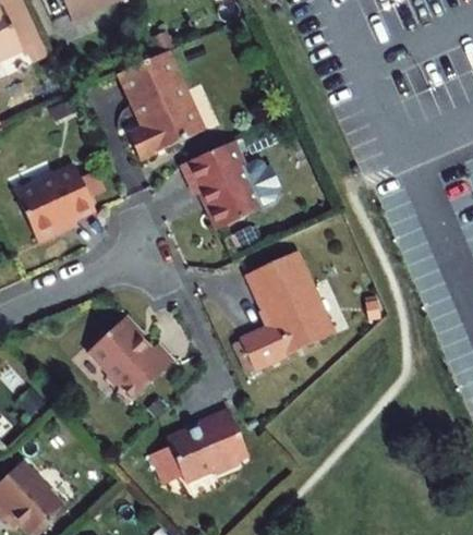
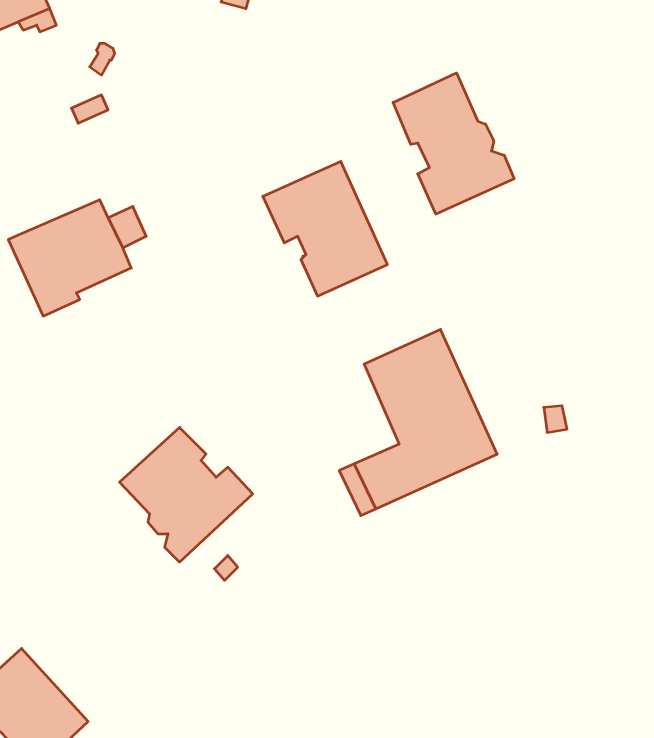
building: [118,50,204,159] -> none
building: none -> [393,73,514,214]
building: [151,410,247,483] -> none

